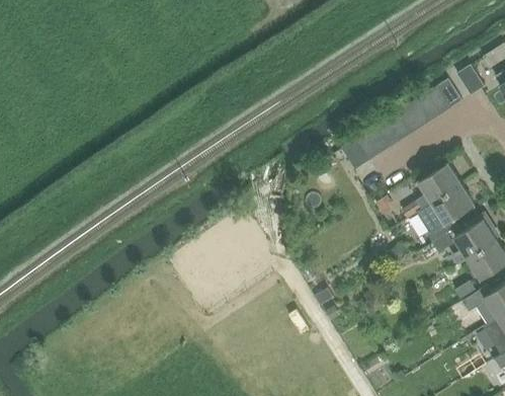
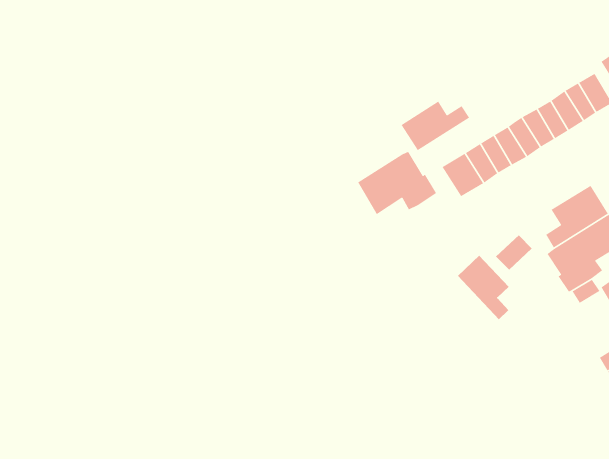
building: none -> [400,100,470,151]
building: none -> [357,151,437,215]
building: none -> [457,255,510,320]

